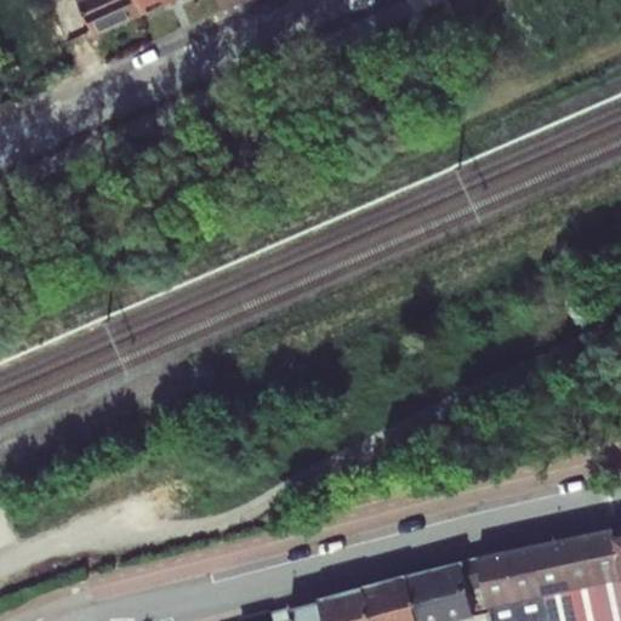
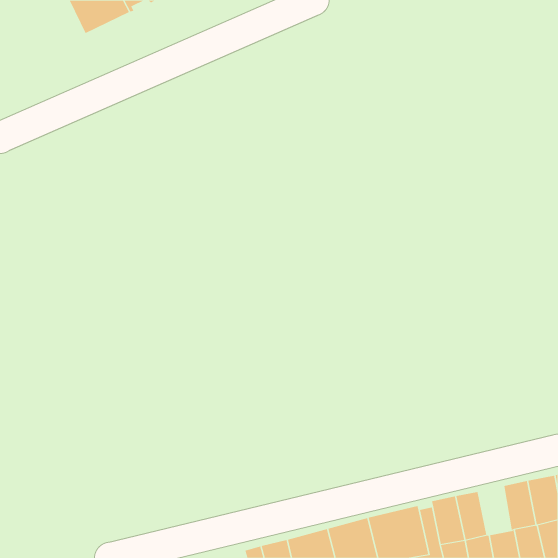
building: [531,540,568,594] -> none

